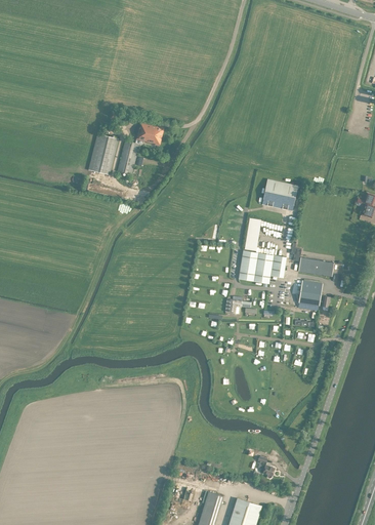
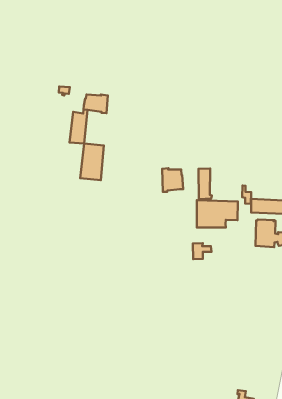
building: [88,133,118,174] -> [80,143,104,180]
building: [262,178,298,210] -> none
building: none -> [162,168,183,192]

